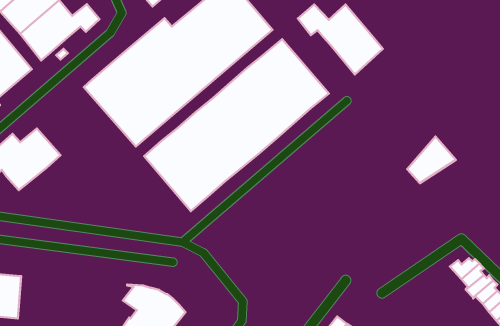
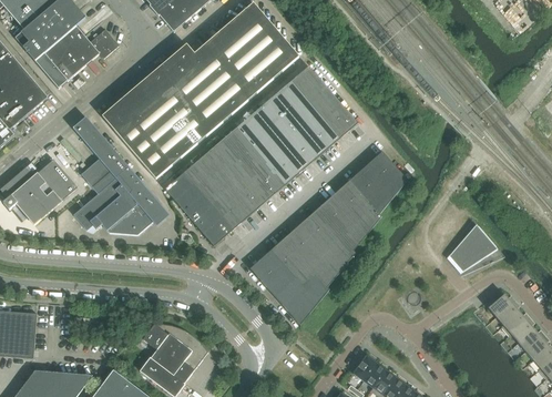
building: [298,4,383,74] -> none
building: none -> [72,116,165,235]
building: none -> [249,152,407,325]
building: [407,136,456,183] -> [446,224,497,273]

